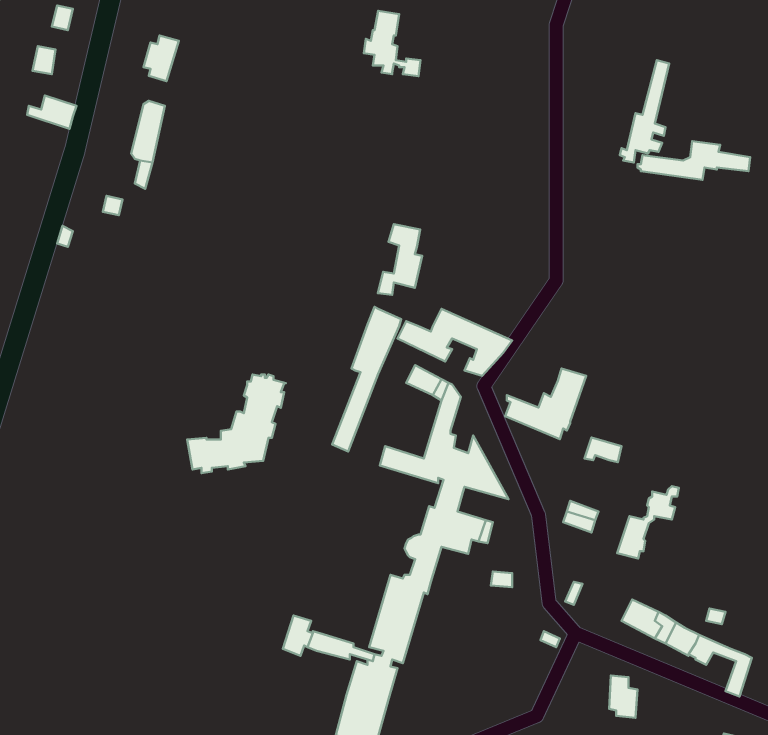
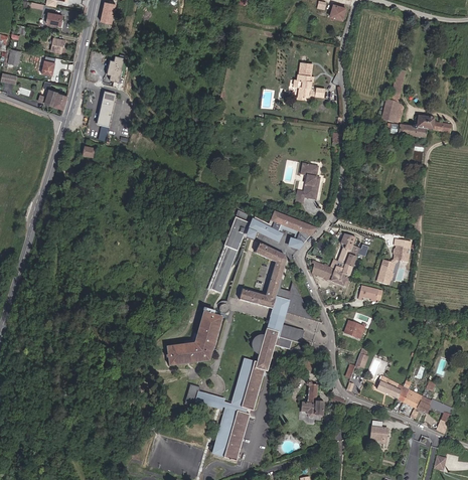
building: [364,11,420,76] -> [291,62,323,100]
building: [378,224,422,295] -> [295,163,320,203]
building: [187,374,286,473] -> [166,308,222,364]
building: [617,486,679,558] -> [376,243,412,284]
building: none -> [303,381,324,418]

